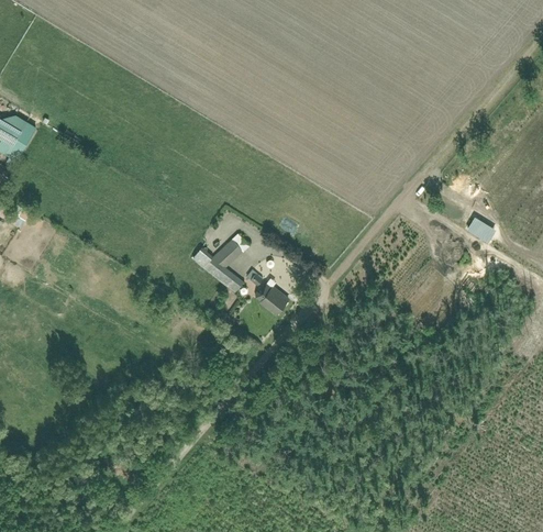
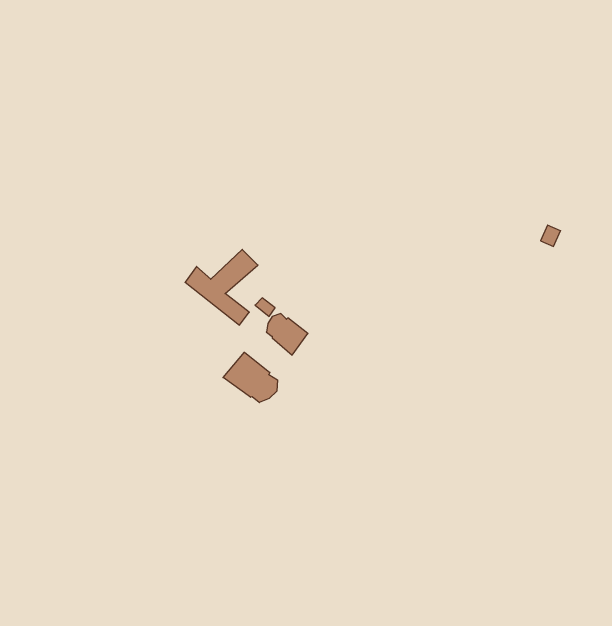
building: none -> [223,352,277,403]

